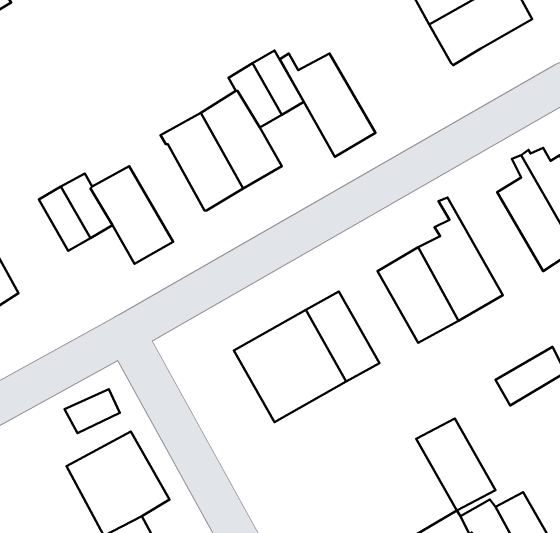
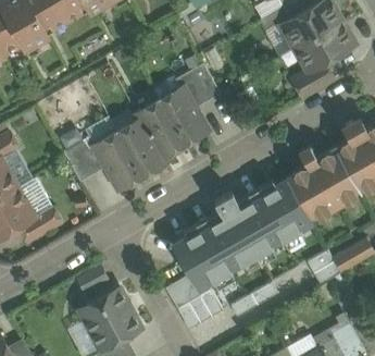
building: none -> [291,62,334,98]
building: [280,54,375,157] -> [304,147,361,208]
building: none -> [116,119,165,176]
building: none -> [165,271,214,326]
building: [416,418,495,510] -> [240,194,287,248]

